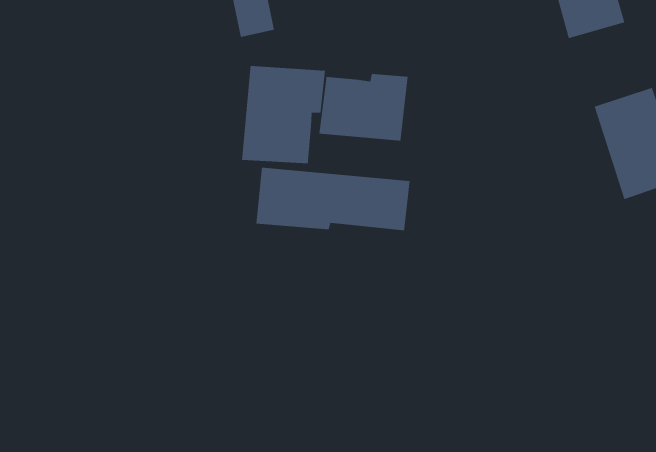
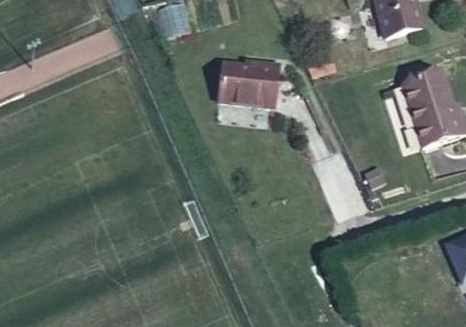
building: [241,65,325,164] -> none
building: [256,167,410,231] -> none

